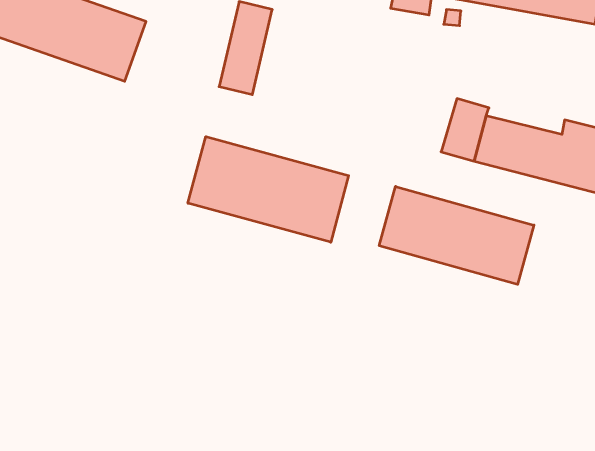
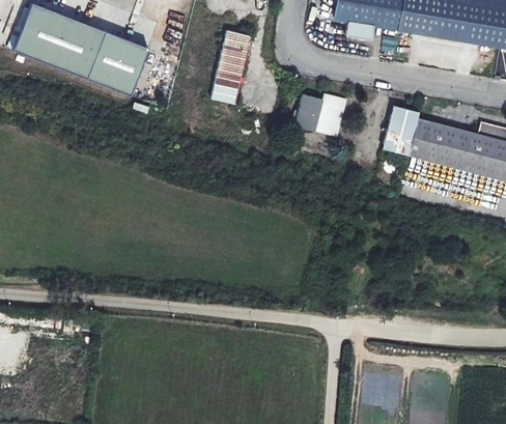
building: none -> [294,94,347,138]
building: [188,137,349,242] -> none
building: [379,186,534,284] -> none

